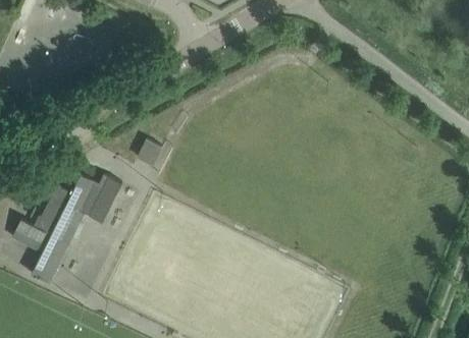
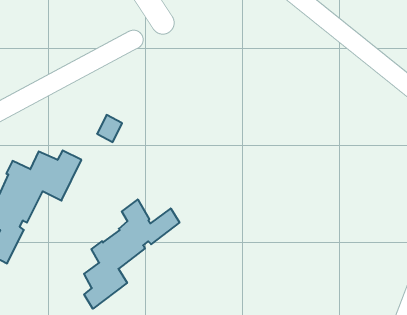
building: none -> [84,199,179,309]

